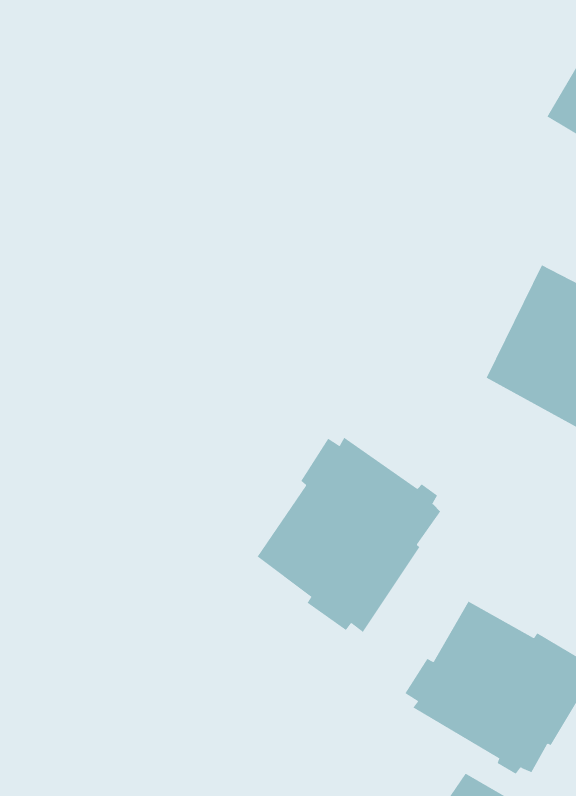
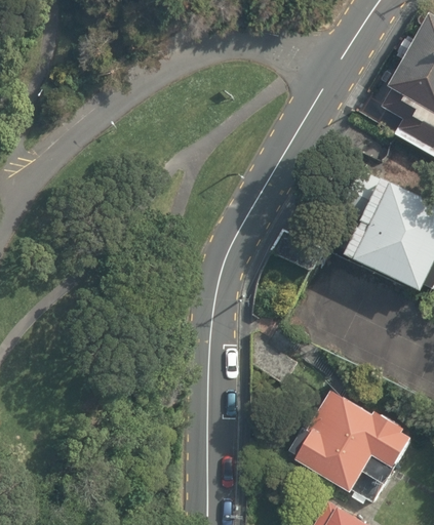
building: [257,437,441,633] -> none

